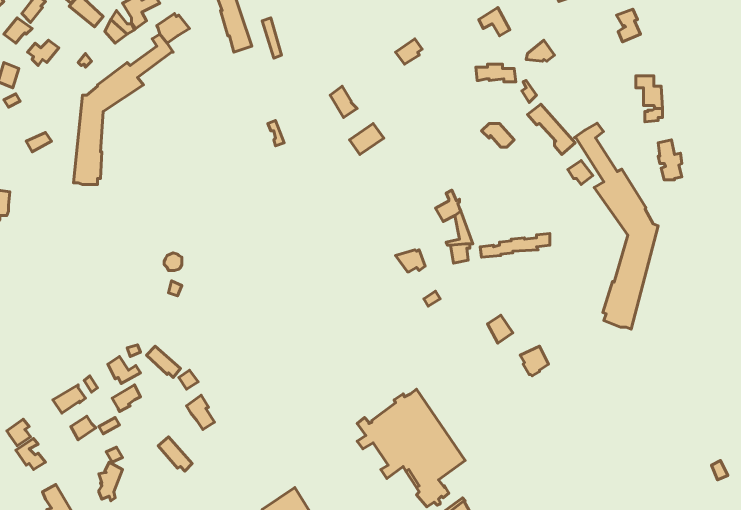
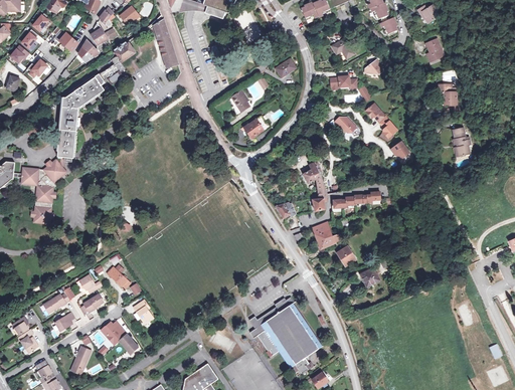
building: [574,123,658,329] -> none
building: none -> [21,157,65,223]
building: none -> [312,223,339,249]

